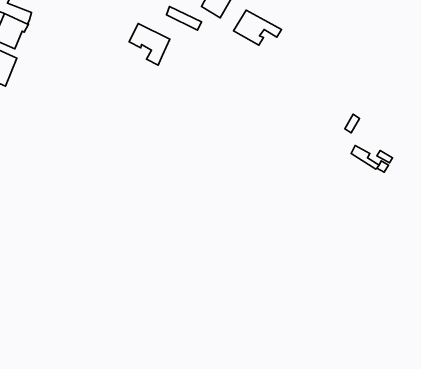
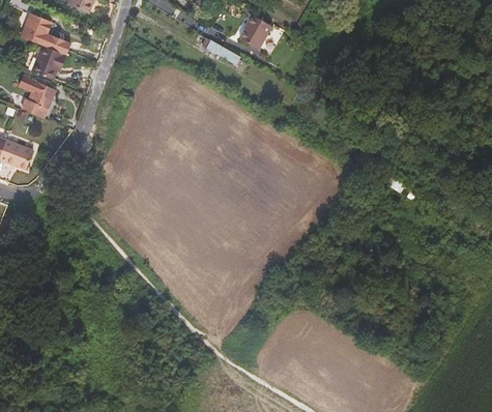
building: [234,10,281,45] -> none
building: [129,24,170,65] -> none

